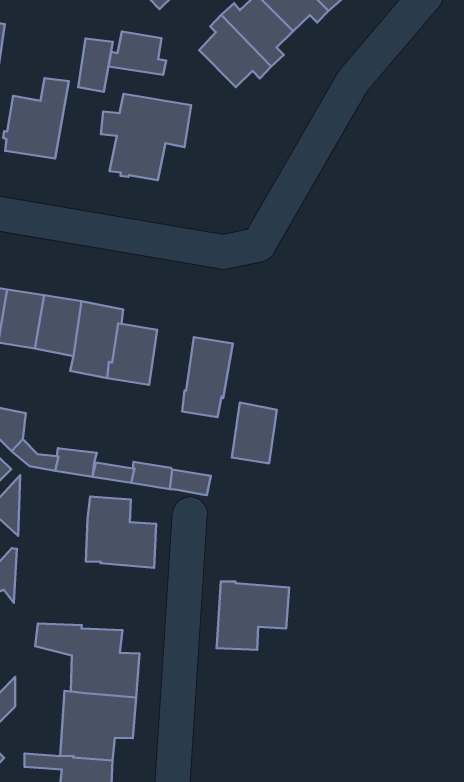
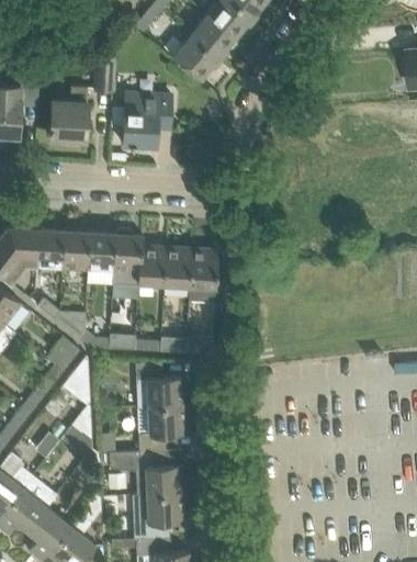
building: [108,31,166,75] -> none
building: [232,402,277,463] -> [166,247,192,285]
building: [216,581,289,650] -> [137,406,184,452]

